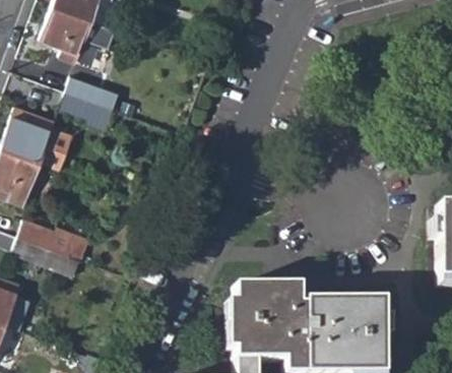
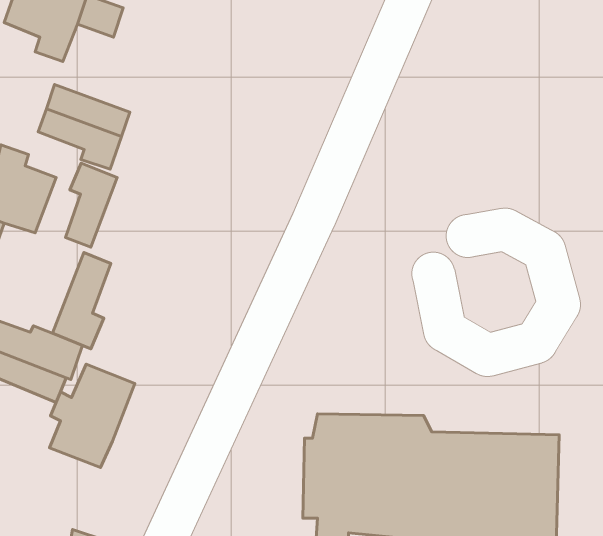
building: none -> [66,163,117,247]
building: none -> [52,253,111,349]
building: none -> [50,364,135,467]

